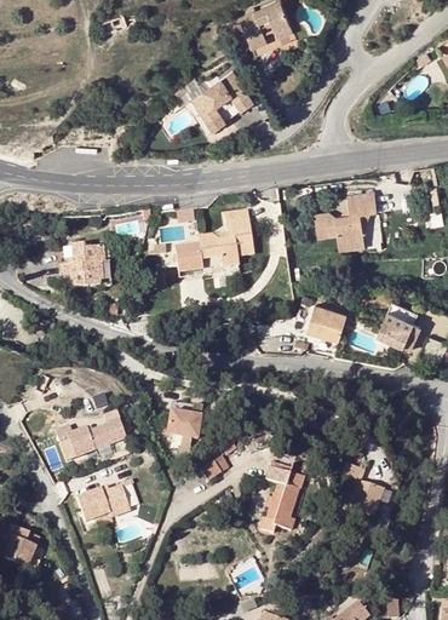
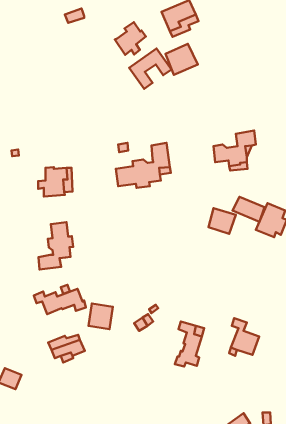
building: none -> [115,22,146,55]
building: none -> [166,44,198,75]
building: none -> [233,197,264,222]
building: none -> [38,222,73,269]
building: [166,401,201,438] -> [89,303,113,329]

